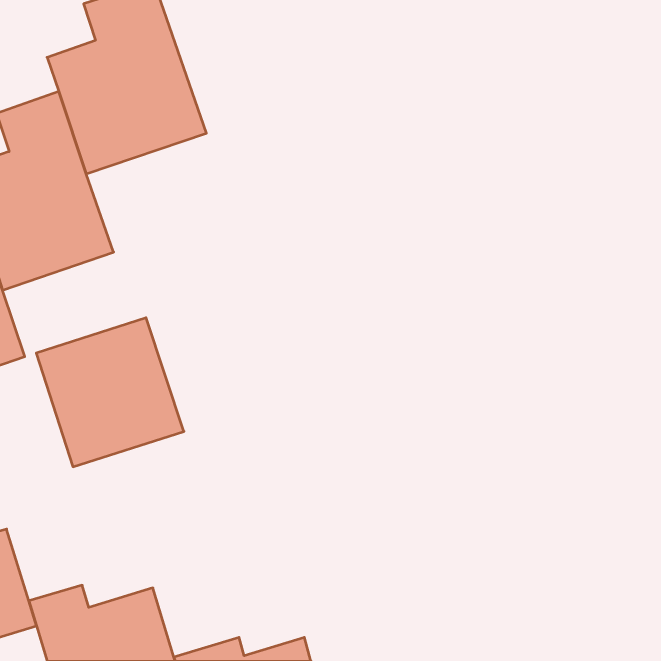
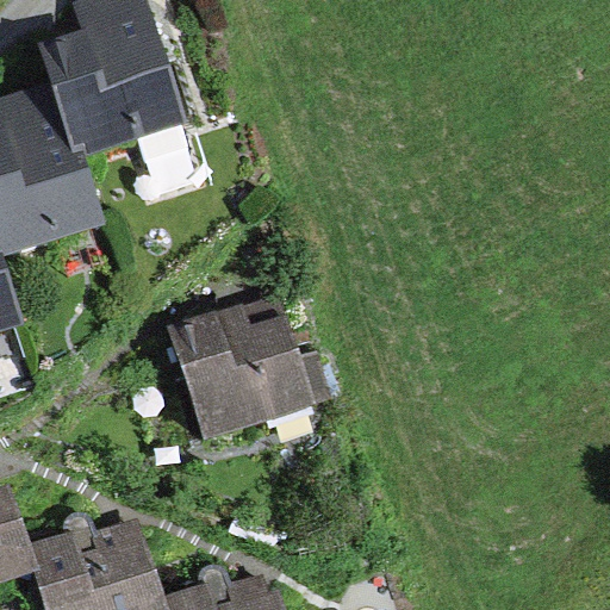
building: [36,318,184,467] -> [172,297,306,432]

